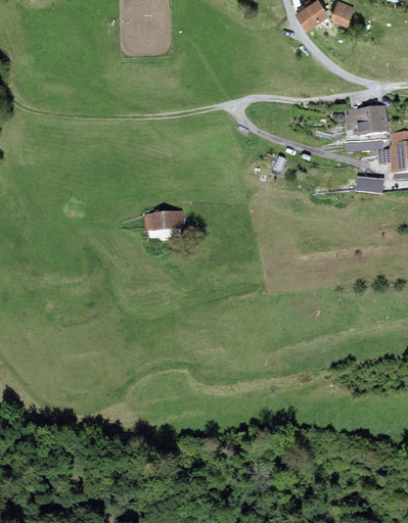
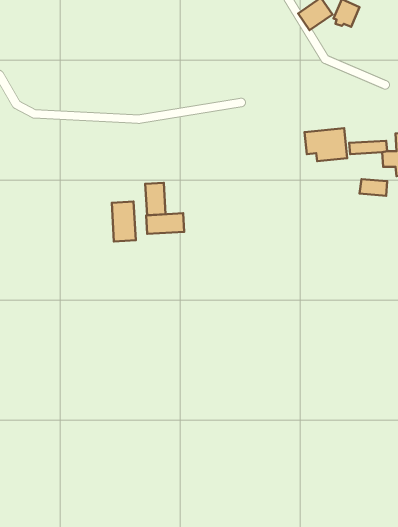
building: [346,105,388,138] -> [305,128,347,161]
building: none -> [145,183,166,215]
building: none -> [112,202,136,241]

